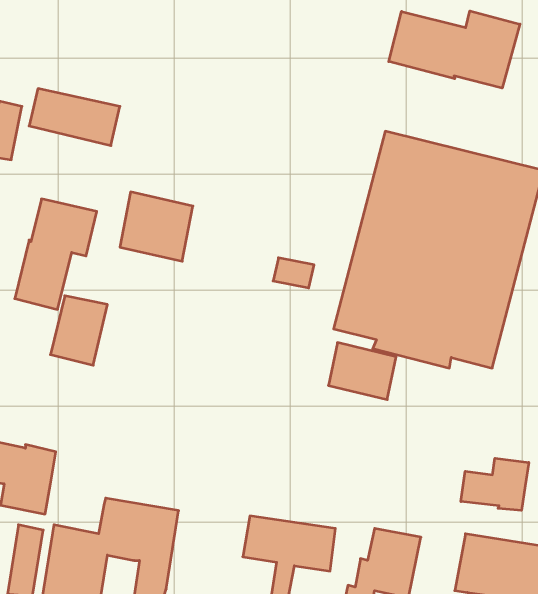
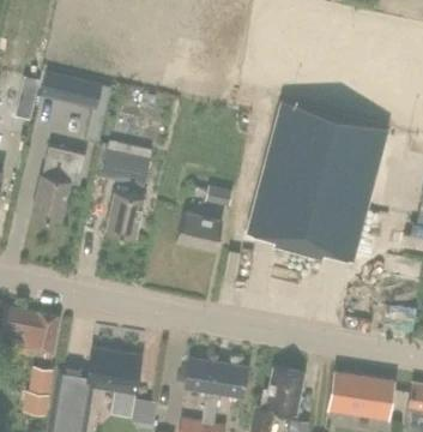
building: [389,11,520,88] -> none
building: [50,296,107,365] -> [105,191,144,238]
building: [328,343,396,400] -> [176,211,222,250]
building: [461,458,529,510] -> none

